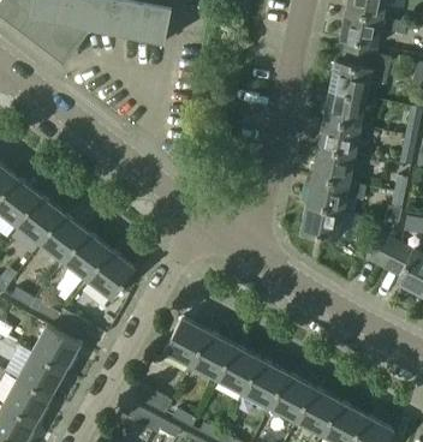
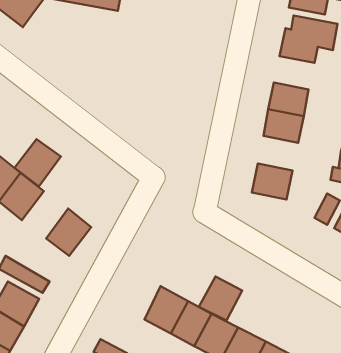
building: [323,91,365,126] -> none
building: [306,174,348,210] -> none
building: [61,232,109,281] -> [14,139,61,186]
building: [162,317,205,365] -> none
building: none -> [199,276,242,320]

